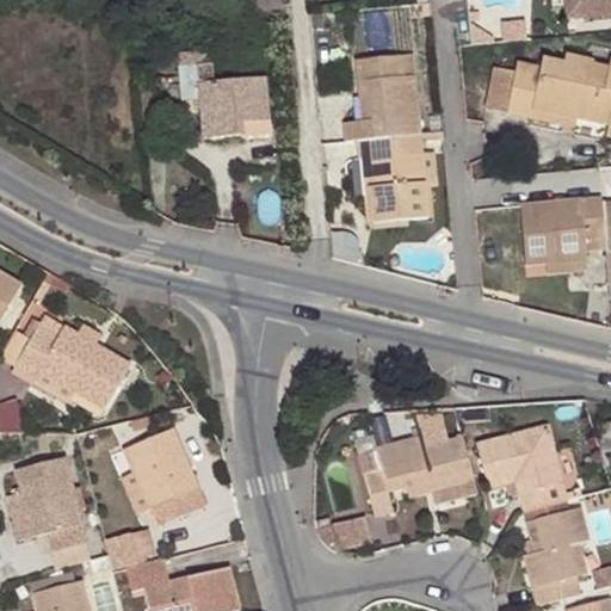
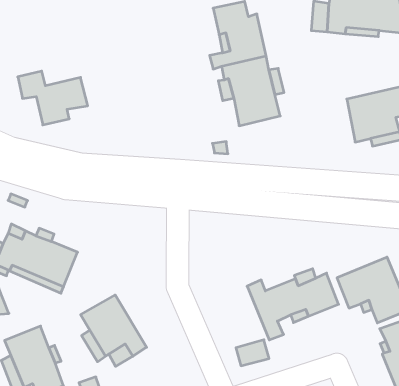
building: [179,62,269,135] -> [18,71,88,125]

